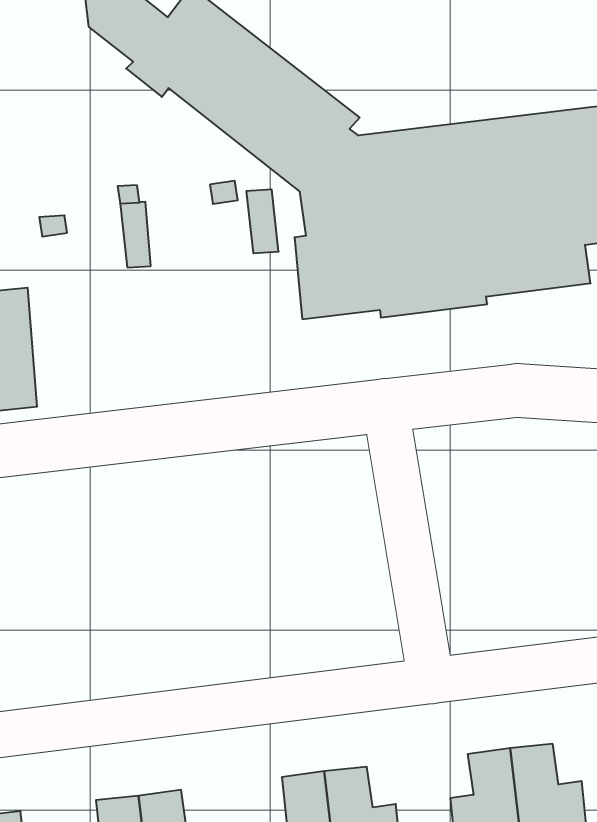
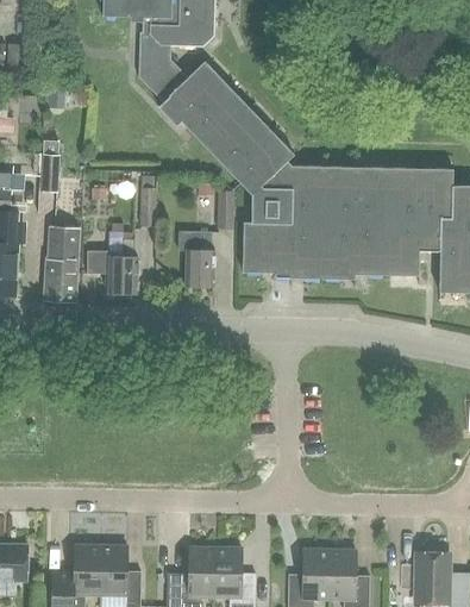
building: none -> [178,231,214,287]
building: none -> [86,230,137,294]

